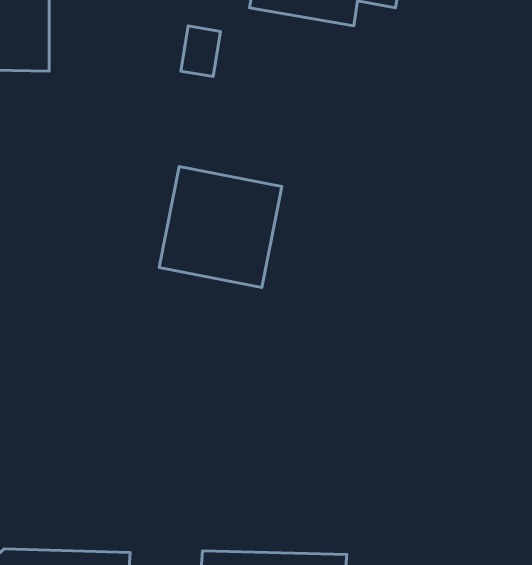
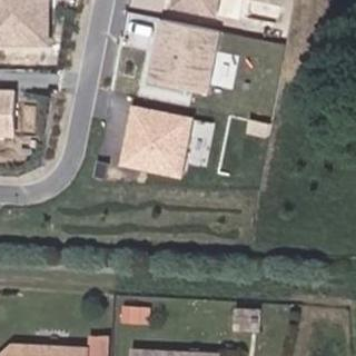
building: none -> [146,20,221,95]

